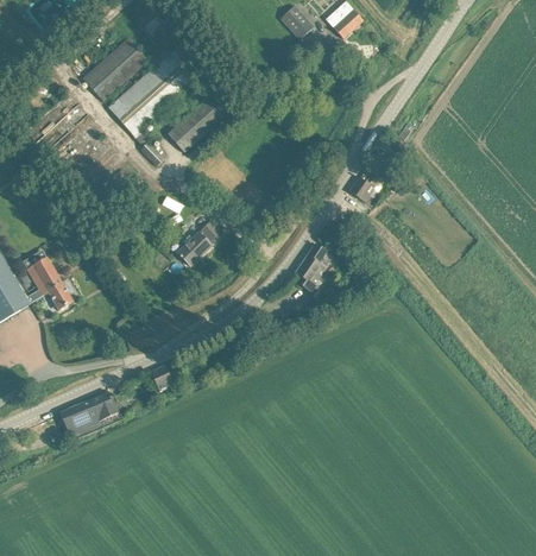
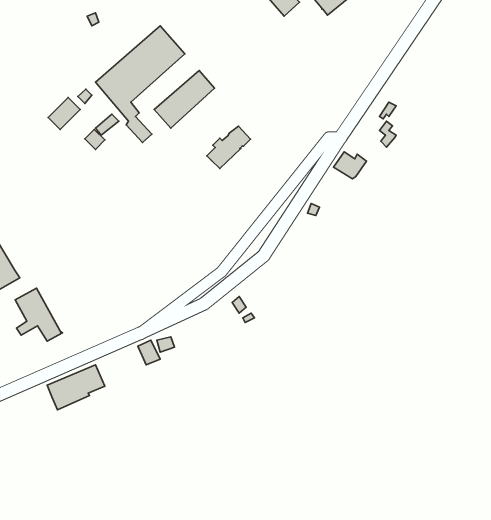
building: [83,38,147,99] -> none
building: [177,222,221,265] -> [207,126,250,169]
building: [295,244,326,292] -> none
building: [26,255,74,309] -> [15,288,62,341]

